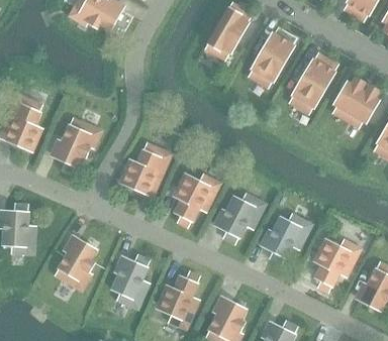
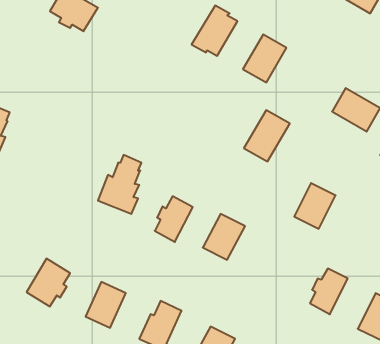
building: [292,60,333,106] -> [244,110,290,161]
building: [54,124,91,166] -> none
building: [264,216,301,257] -> [294,183,336,229]

